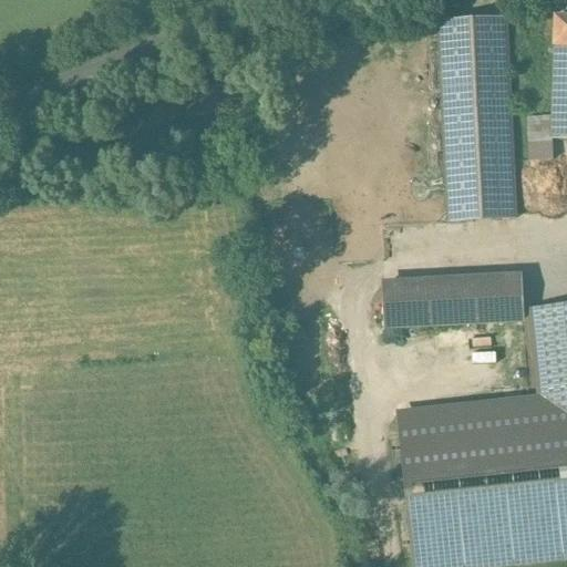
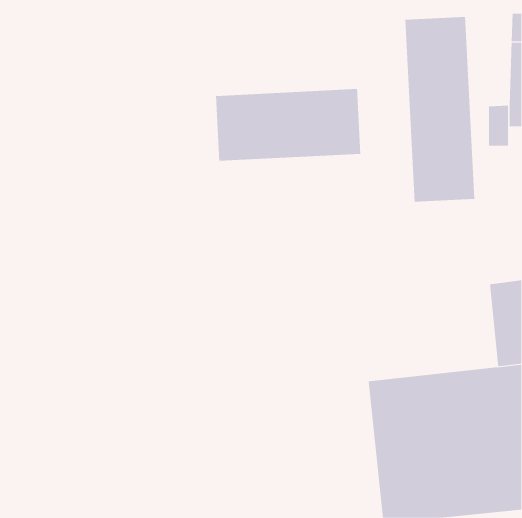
building: none -> [215,88,361,162]
building: [385,274,520,324] -> none

